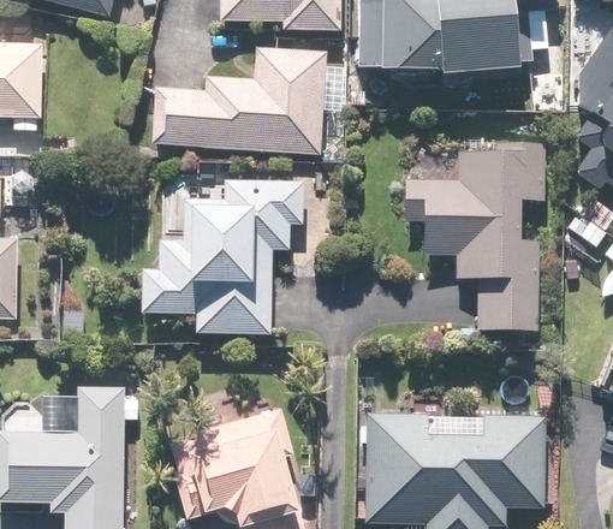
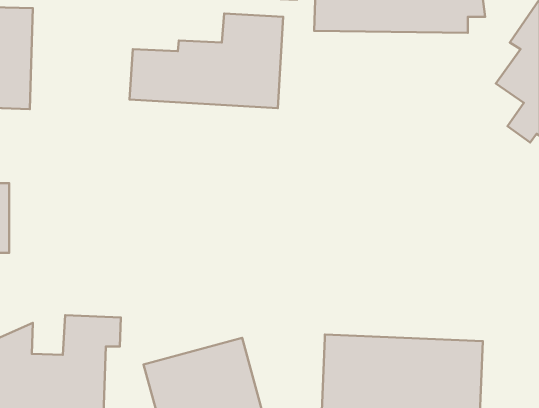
building: [405,141,548,331] -> none
building: [142,177,304,333] -> none

